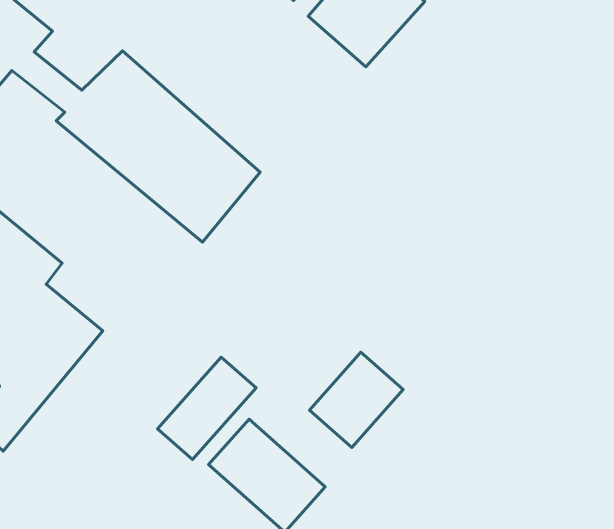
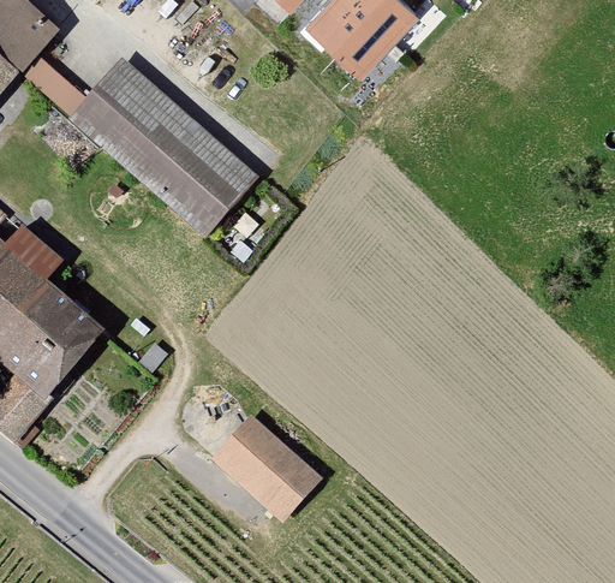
building: [309,352,403,447] -> none
building: [158,357,256,460] -> none

